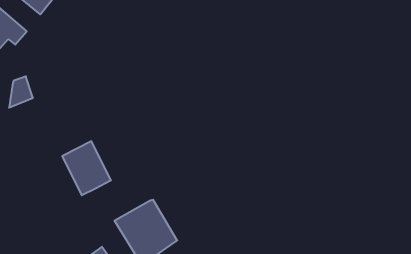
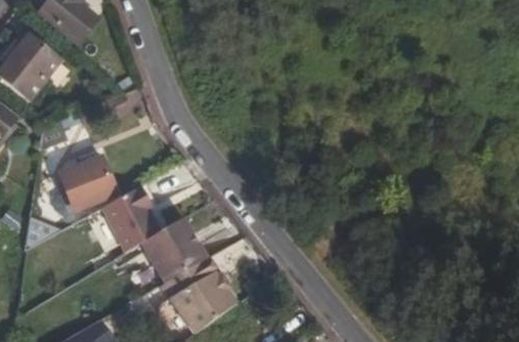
building: none -> [61,156,117,207]
building: none -> [139,218,203,280]

